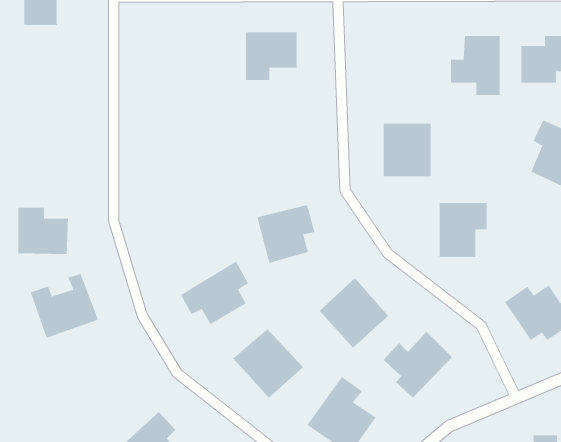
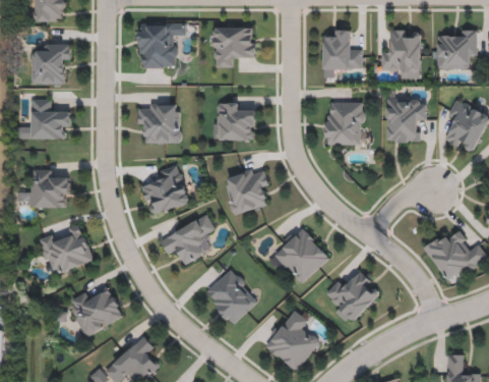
building: none -> [139,22,185,68]
building: none -> [323,30,362,78]
building: none -> [32,43,70,84]
building: none -> [19,99,71,137]
building: none -> [217,103,256,140]
building: none -> [138,104,181,143]
building: none -> [142,164,190,215]
building: [439,202,488,258] -> [386,97,426,142]
building: none -> [68,289,125,337]

